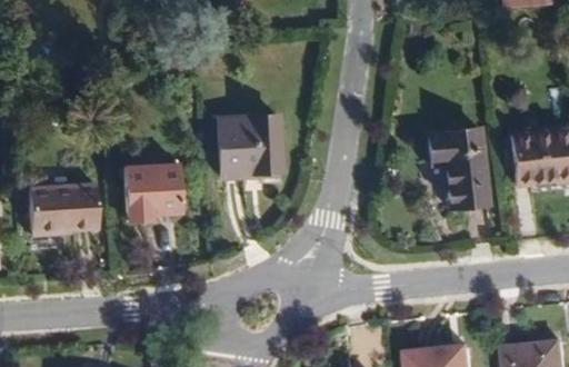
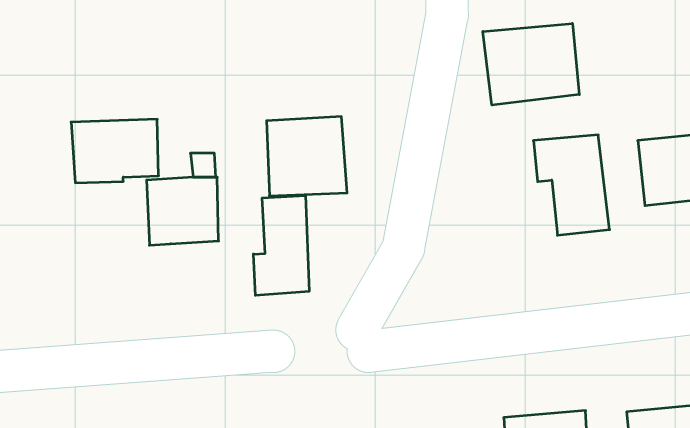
building: none -> [483,23,579,105]
building: none -> [253,196,309,295]
building: [29,185,98,235] -> [71,119,159,183]

